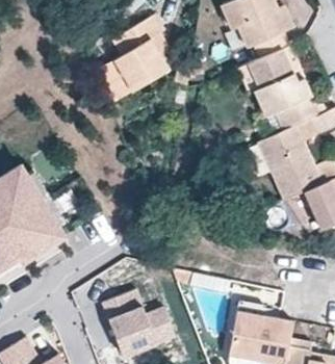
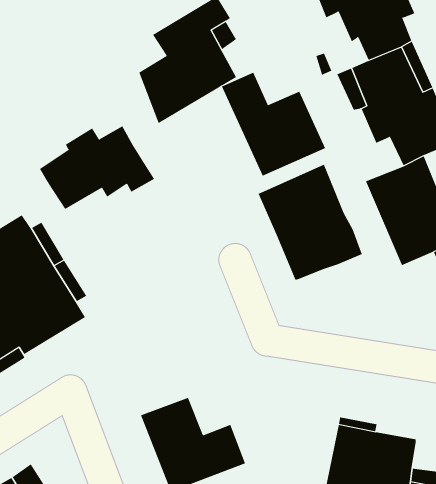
building: none -> [221,72,326,176]
building: none -> [39,126,155,210]
building: none -> [258,164,362,281]

